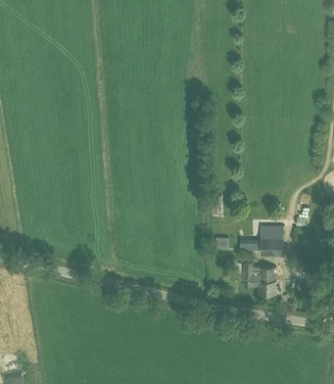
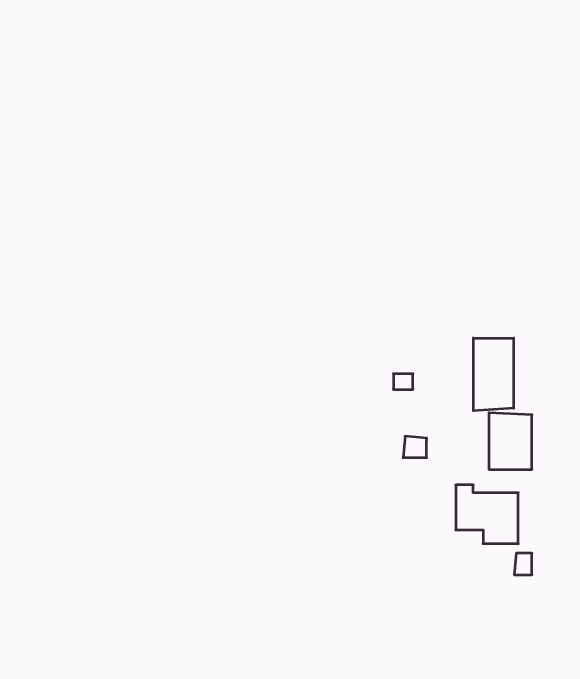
building: none -> [473,338,514,411]

